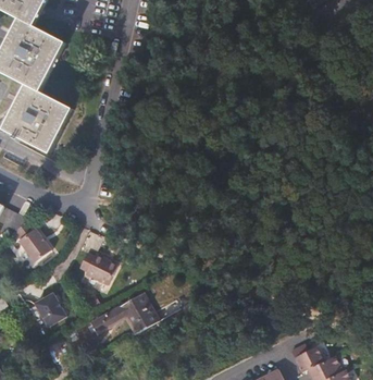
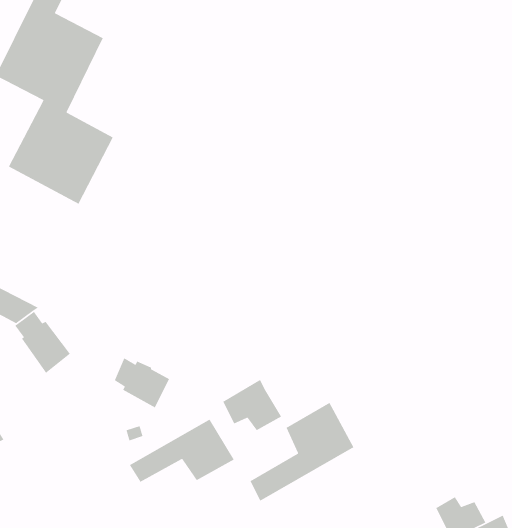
building: none -> [222,379,282,431]
building: none -> [249,402,355,502]
building: [32,293,63,327] -> none

